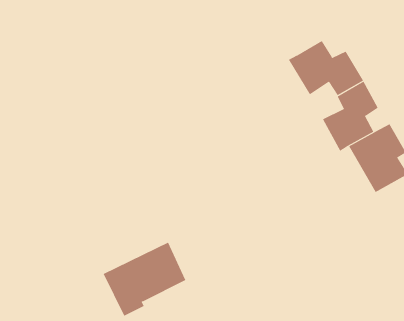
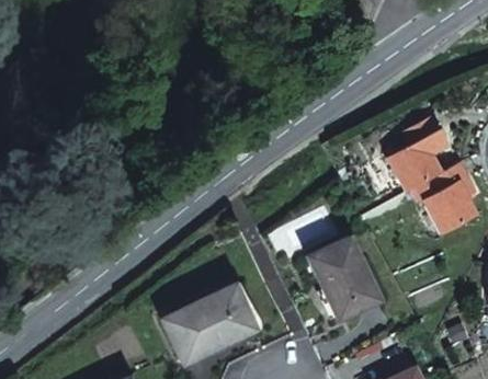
building: [288,40,364,96] -> none
building: none -> [305,231,382,321]

